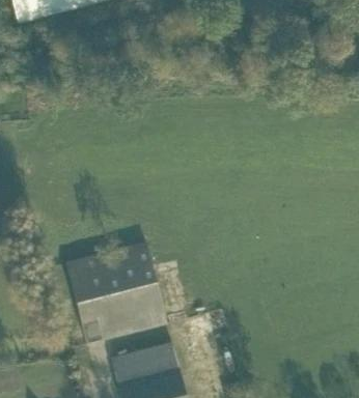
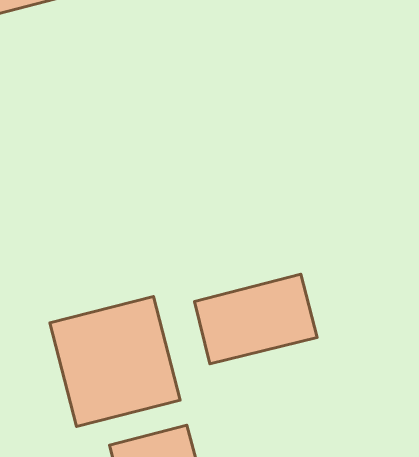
building: none -> [194,274,317,364]

